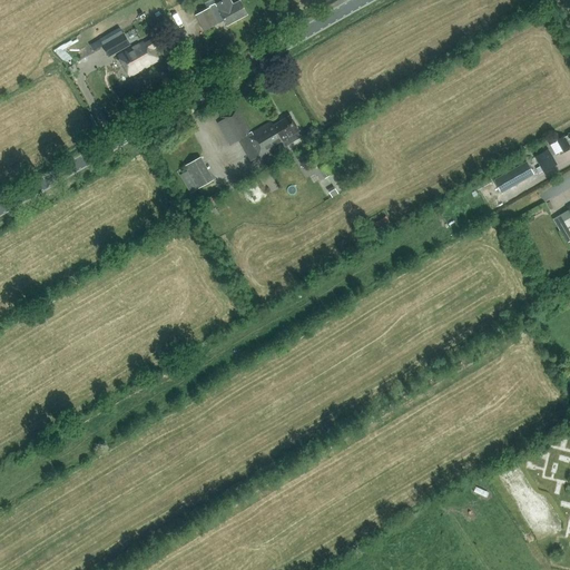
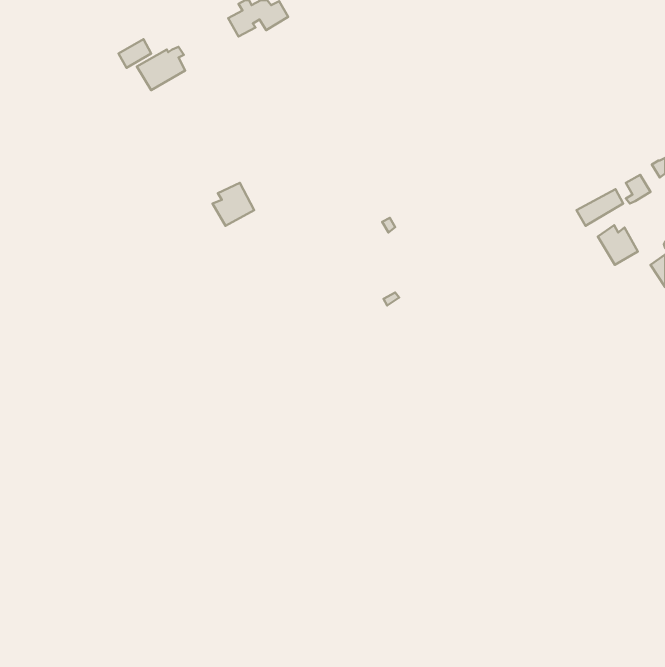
building: [216,109,299,158] -> none
building: none -> [598,225,638,265]

